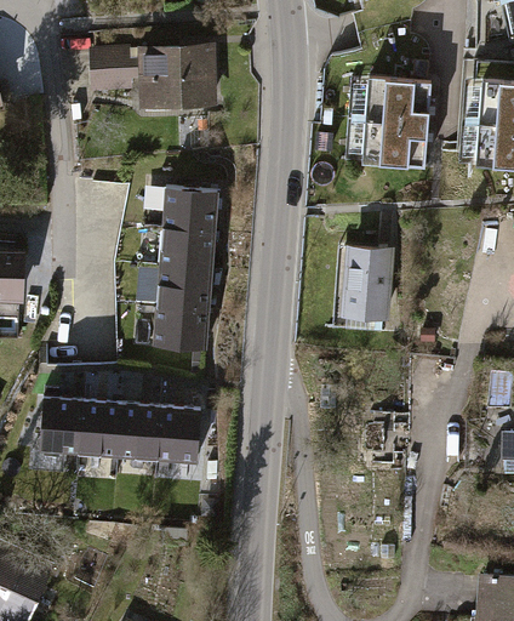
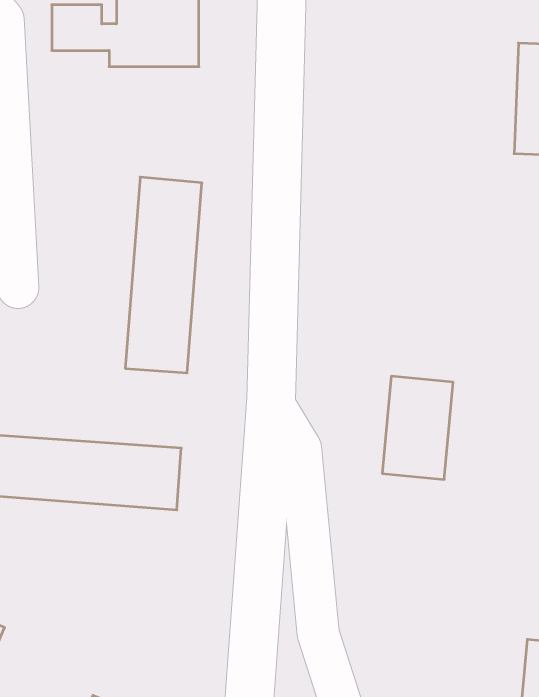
building: [362,80,428,170] -> none
building: [327,250,386,335] -> [382,376,453,479]

